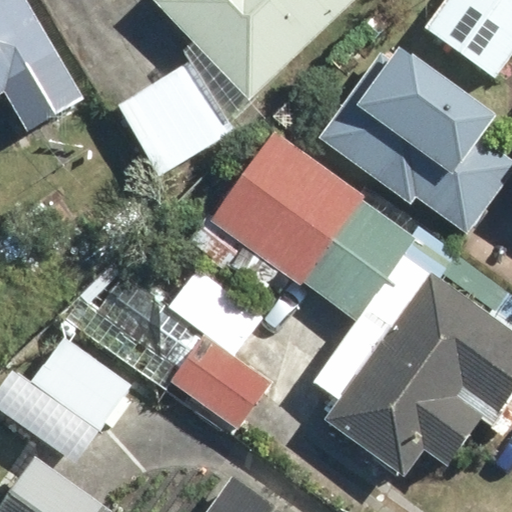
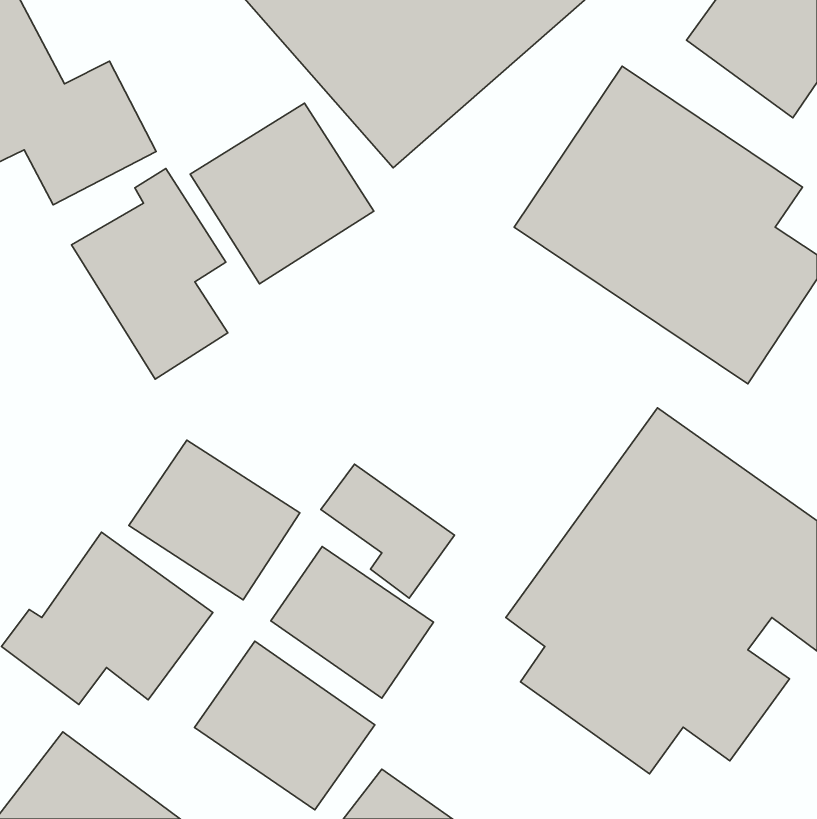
building: none -> [71,168,228,379]
building: [192,134,408,315] -> none
building: none -> [195,641,375,810]

